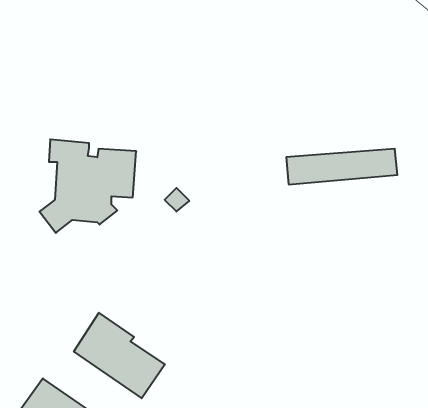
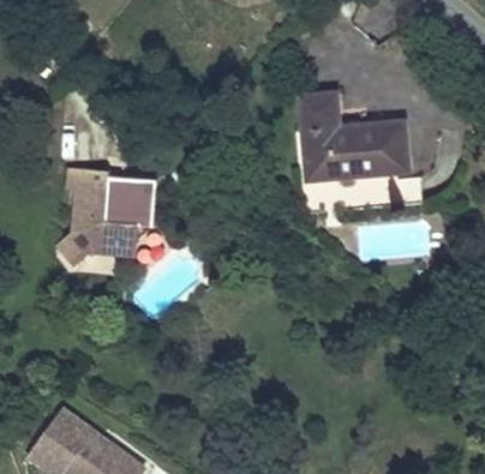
building: none -> [301,94,407,178]
building: [74,313,165,398] -> none

